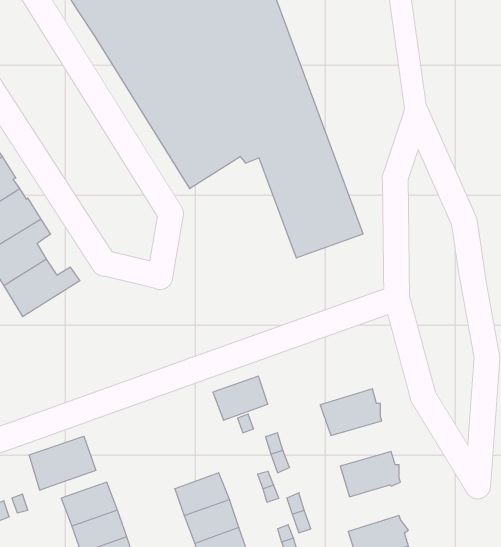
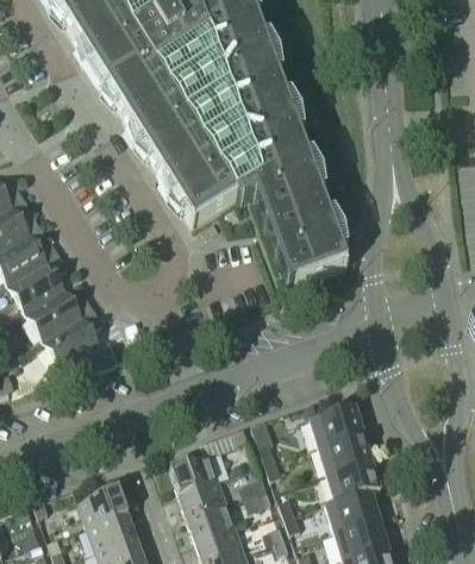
building: none -> [42,305,115,368]
building: [213,376,268,420] -> [168,451,217,490]
building: none -> [317,430,370,470]
building: [29,436,96,490] -> none
building: none -> [324,487,377,528]

